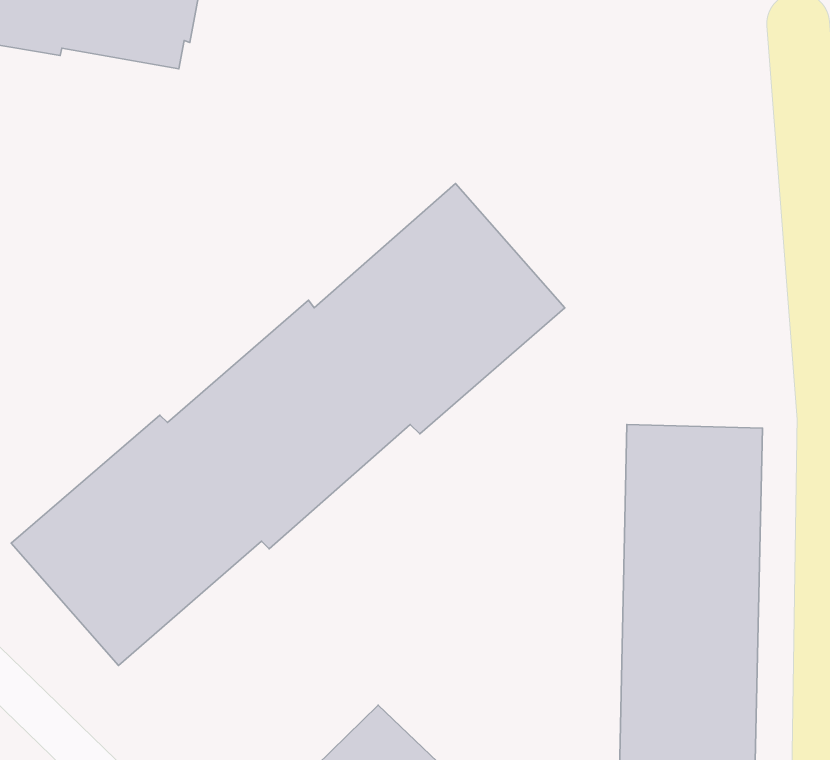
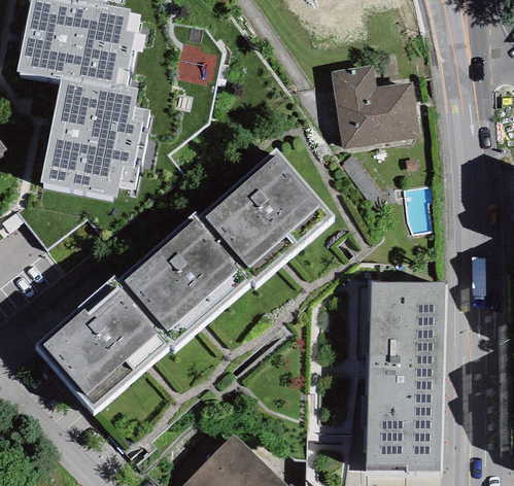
building: none -> [330,66,420,150]
building: none -> [40,75,149,197]

